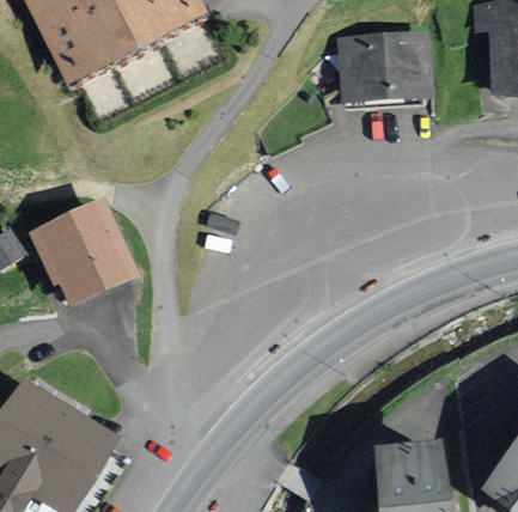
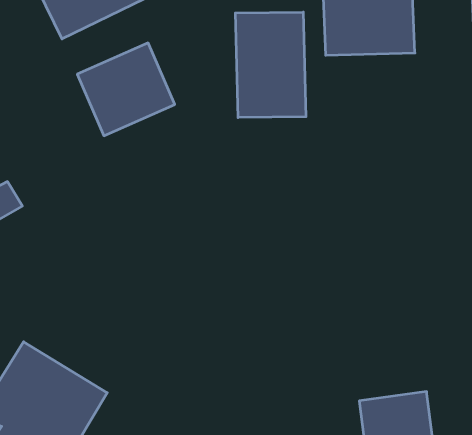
building: none -> [235,12,306,118]
building: [38,211,139,306] -> [77,43,175,136]

